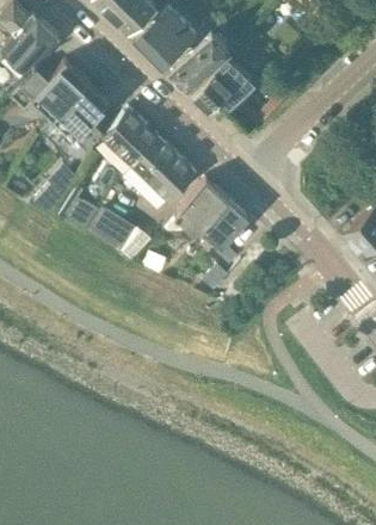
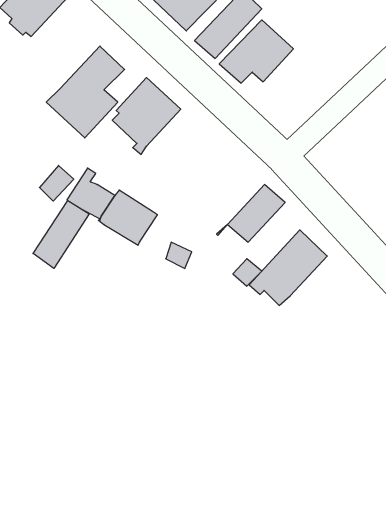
building: [11,61,88,118] -> none
building: [124,136,196,203] -> none
building: [164,179,232,245] -> [249,230,327,305]
building: none -> [33,201,89,268]

